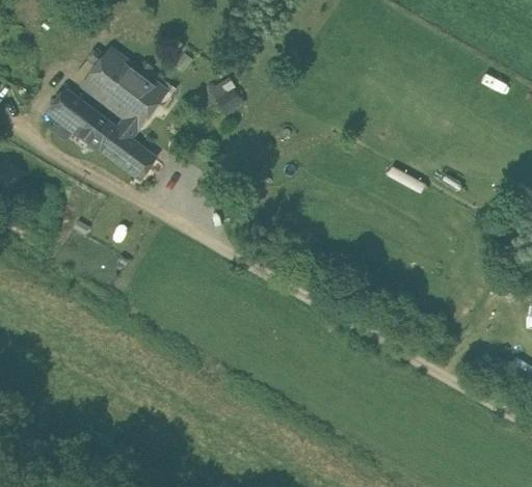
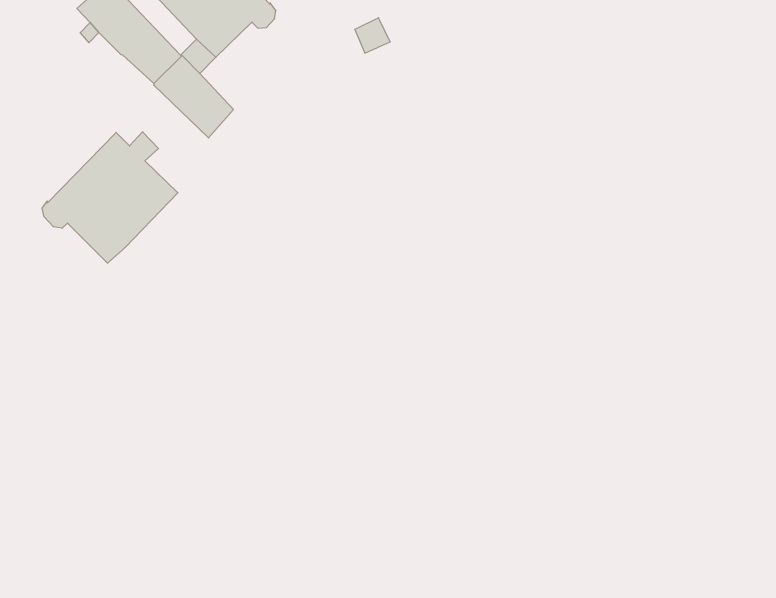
building: none -> [42,132,178,263]

